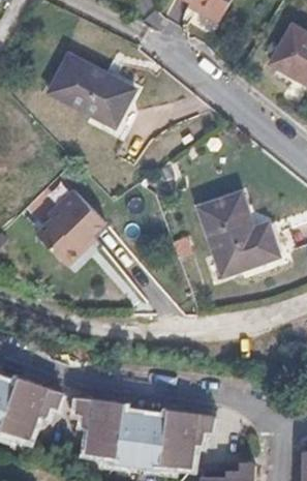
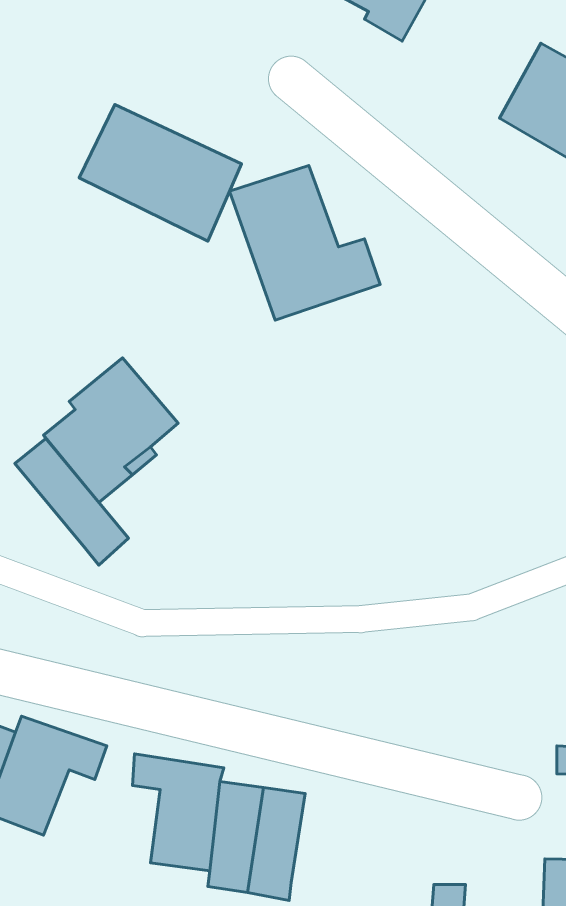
building: [205,187,283,268] -> [230,166,380,320]
building: none -> [15,438,128,565]
building: [161,410,215,468] -> none

